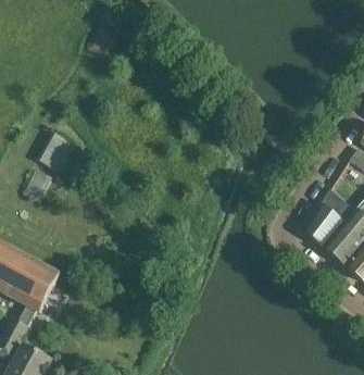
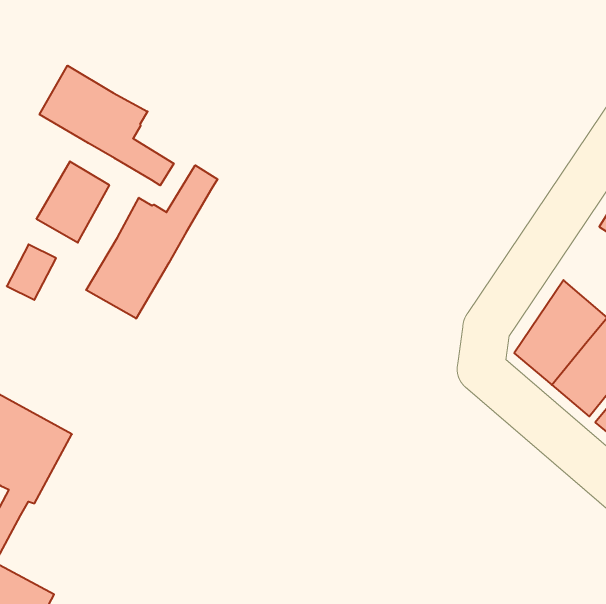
building: none -> [40,66,174,185]
building: none -> [86,165,218,319]

